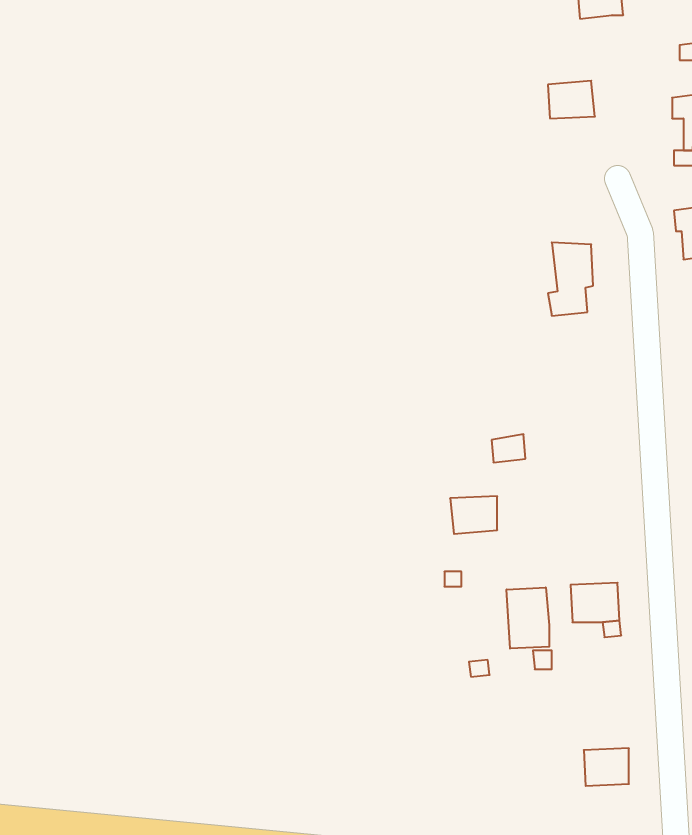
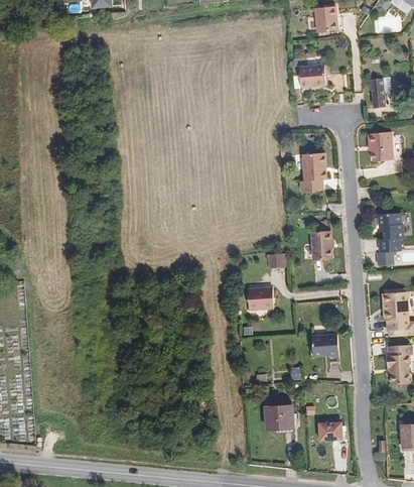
building: none -> [310,230,329,257]
building: [507,587,549,649] -> none
building: none -> [263,405,296,432]

